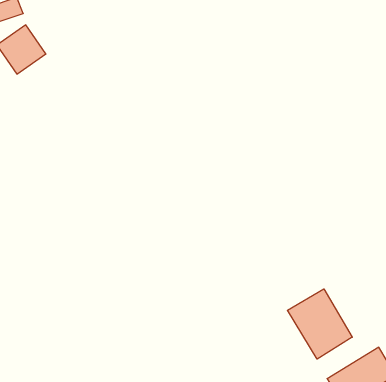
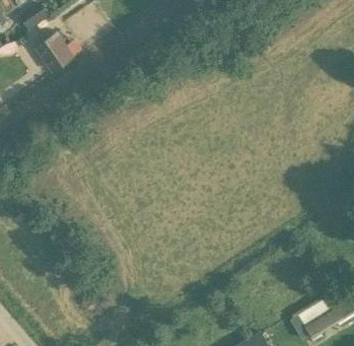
building: [287,289,352,359] -> none

